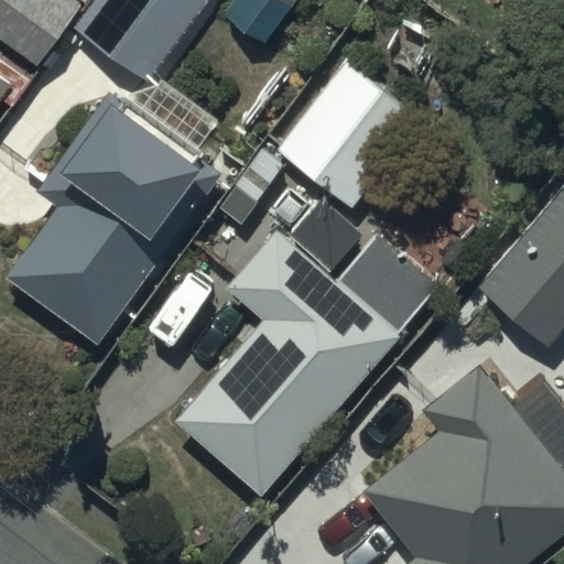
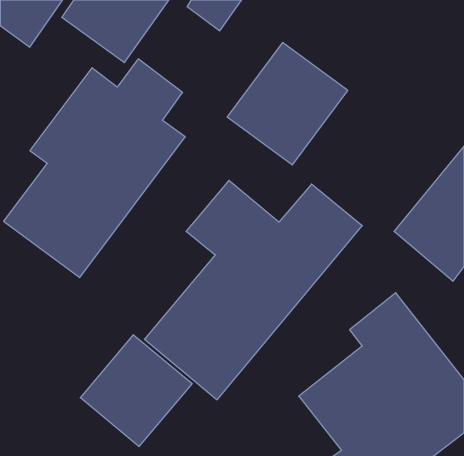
building: none -> [80,335,192,447]

